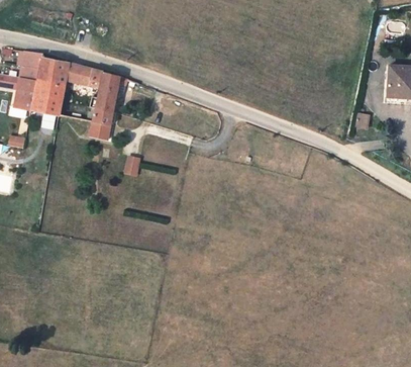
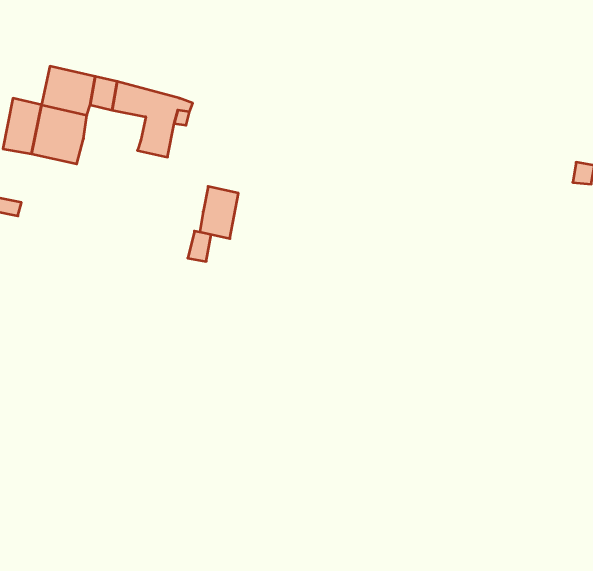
building: [18,51,41,80] -> none
building: [89,107,112,139] -> [200,186,238,239]

